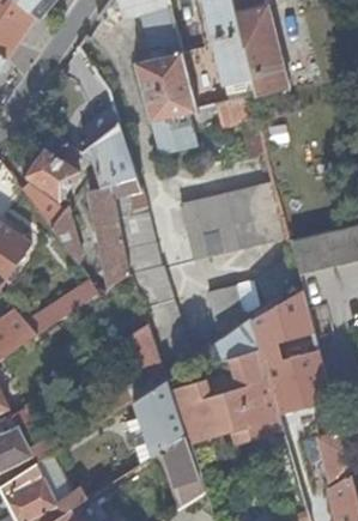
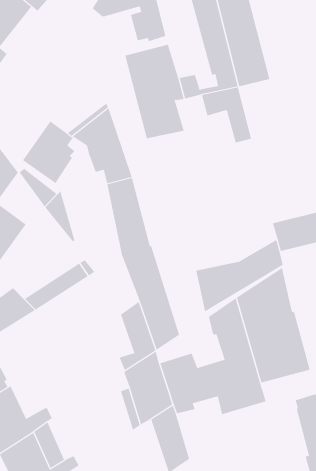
building: [85,170,129,290] -> none
building: [178,183,290,262] -> none

